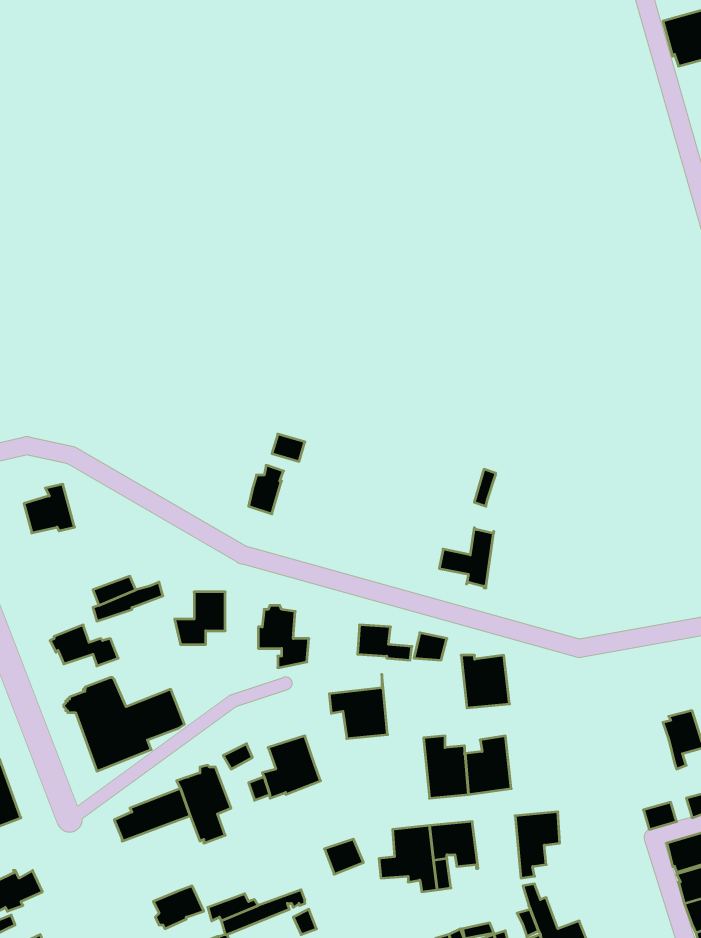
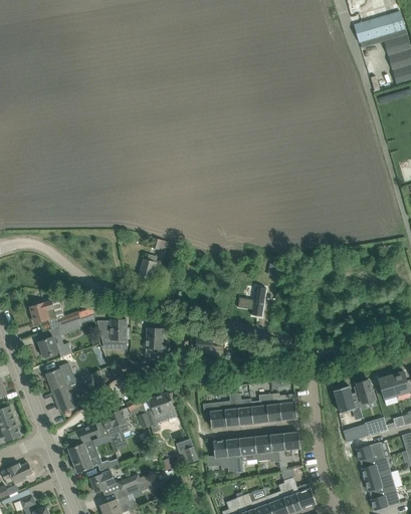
building: [24,484,75,533] -> [30,297,56,322]
building: [461,655,510,708] -> [271,394,296,421]
building: [329,674,388,739] -> [202,395,232,428]
building: none -> [333,386,359,414]
building: none -> [254,435,279,467]
building: none -> [68,438,119,473]

